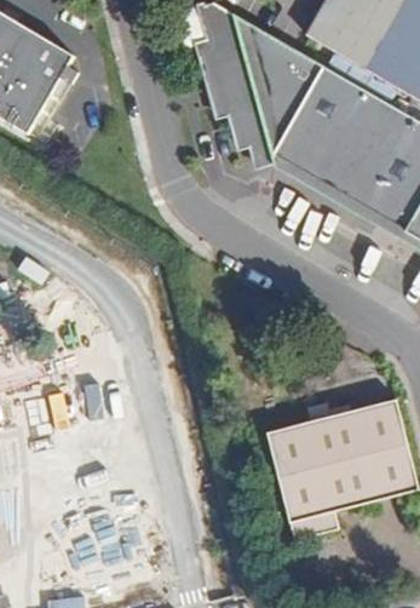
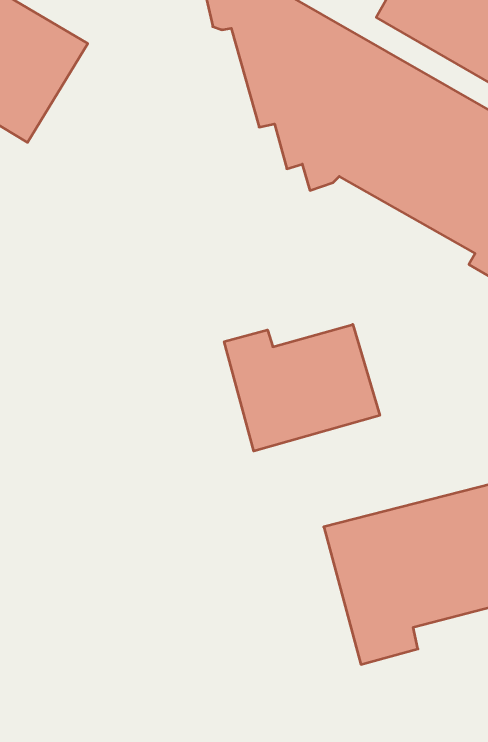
building: none -> [224,324,380,451]

